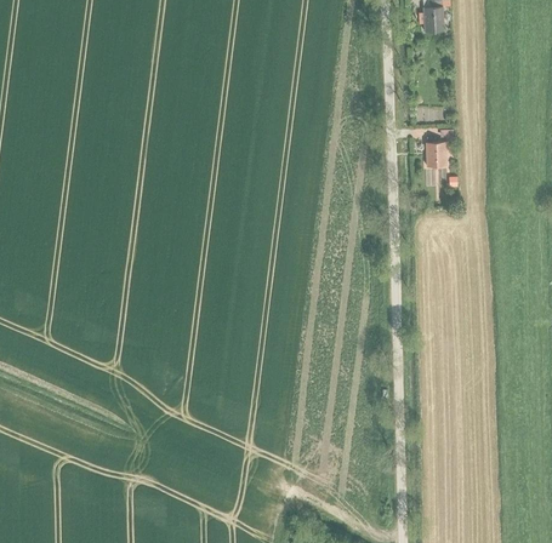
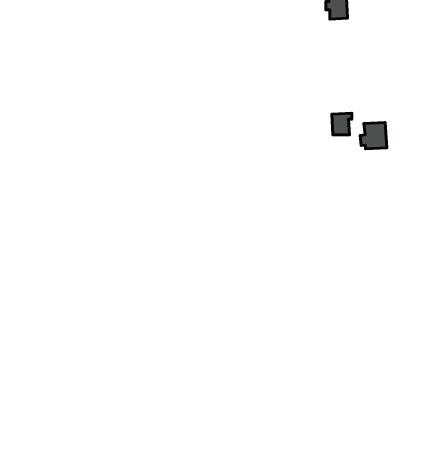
building: none -> [360,122,387,149]

